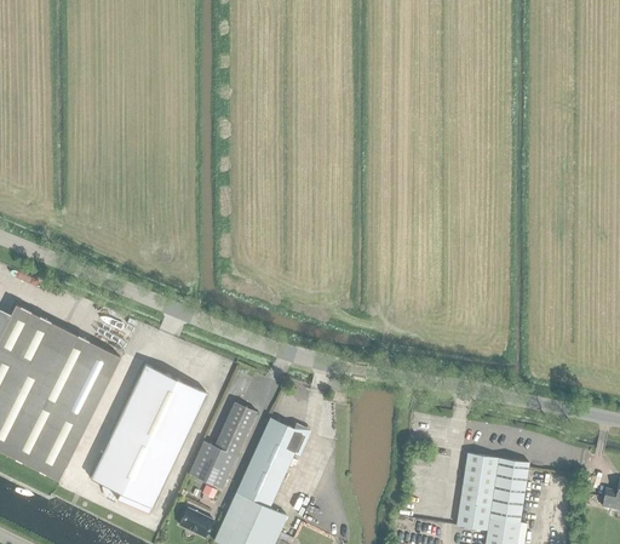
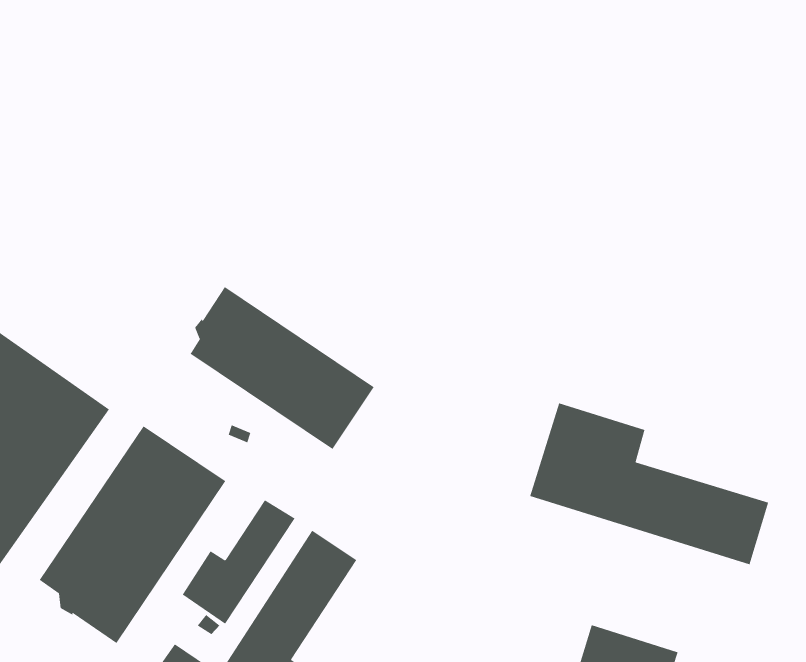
building: none -> [190,286,374,450]
building: none -> [529,403,769,565]

